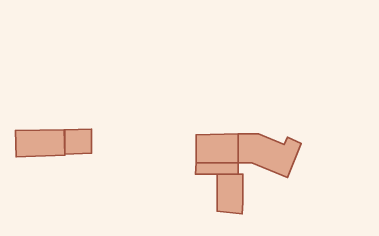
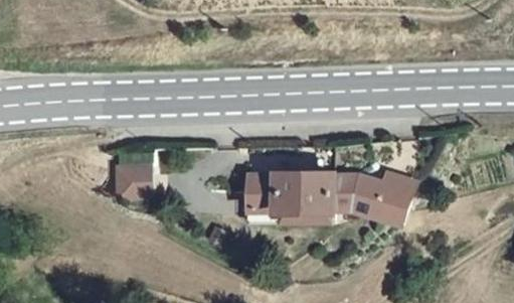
building: [15,130,65,157] -> none
building: [217,174,243,214] -> [247,172,280,221]

